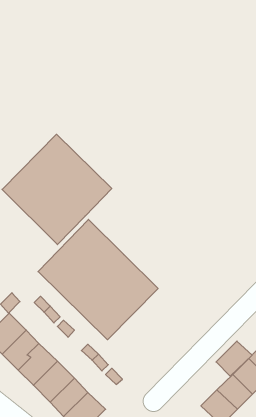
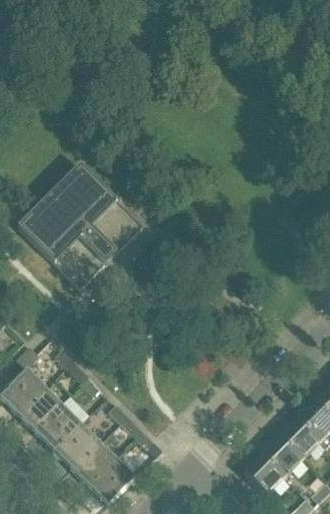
building: [38,219,158,340] -> none
building: [216,341,252,376] -> none

